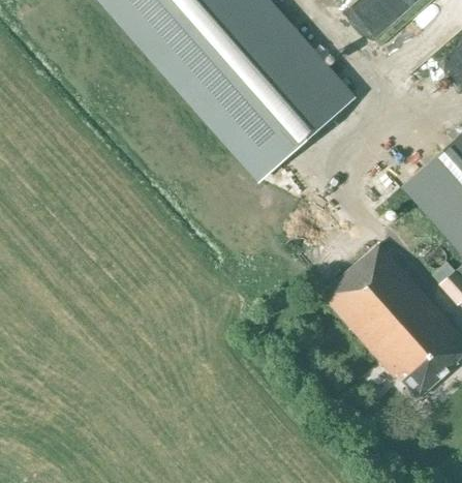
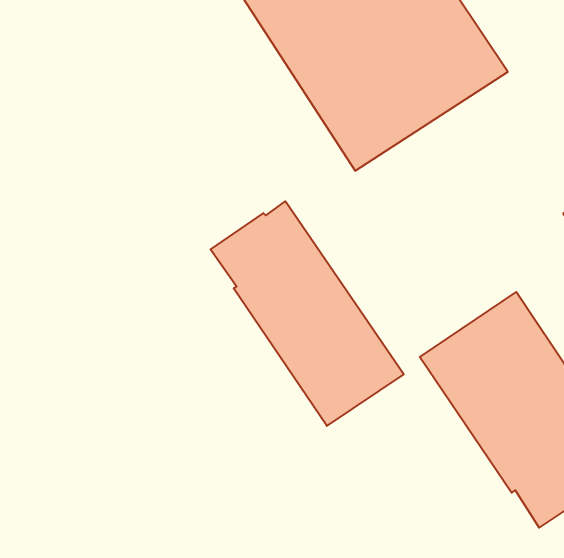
building: none -> [211,201,404,426]

